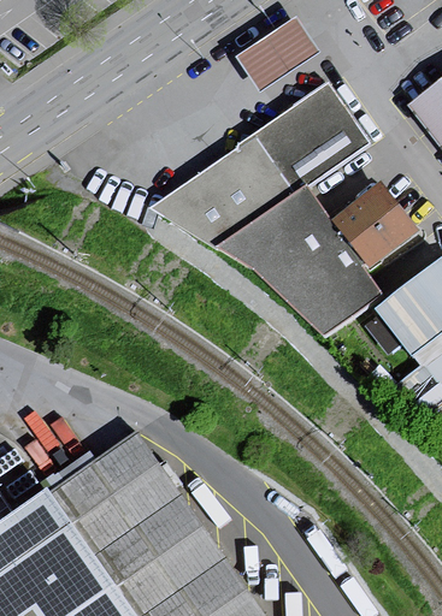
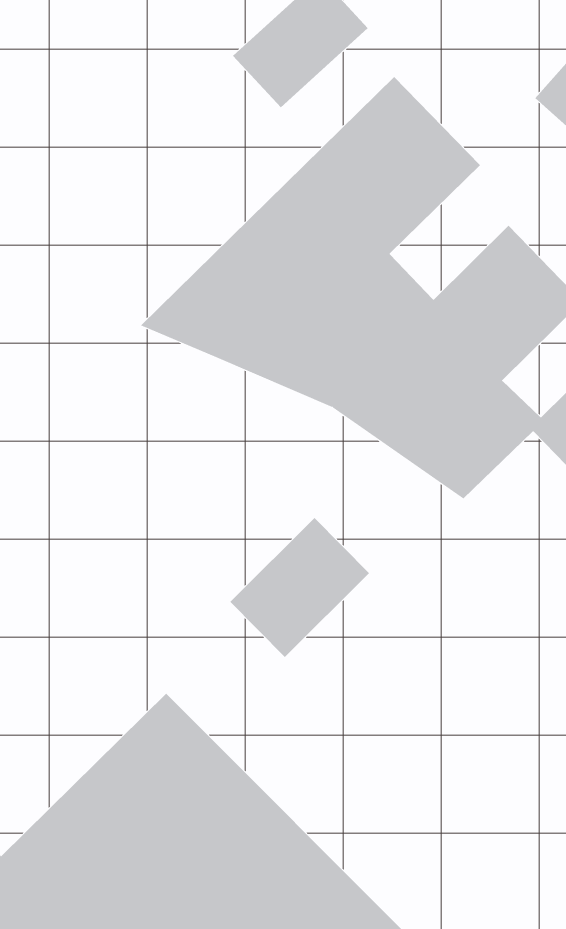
building: none -> [229,517,370,658]

